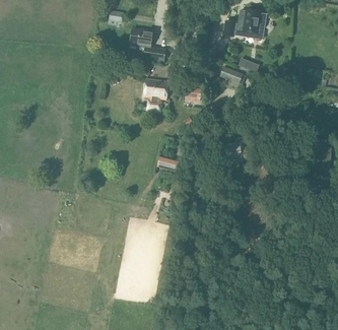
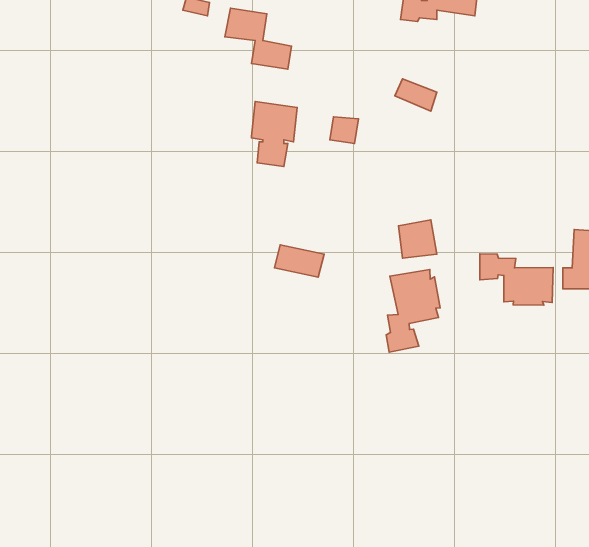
building: none -> [480,254,553,305]
building: none -> [386,269,440,352]

